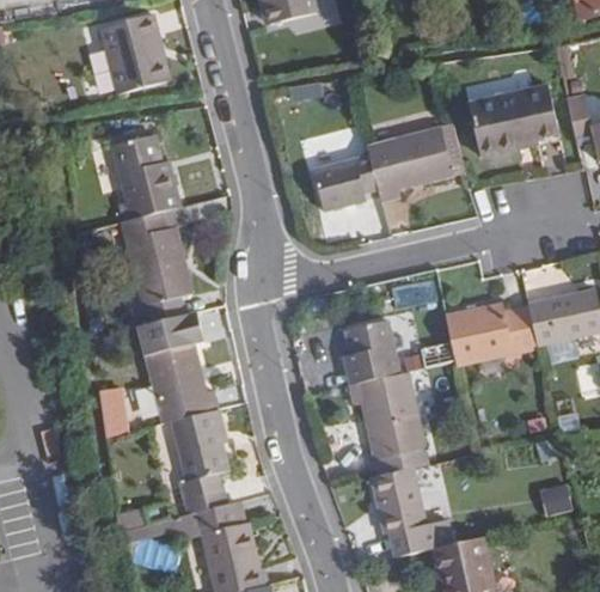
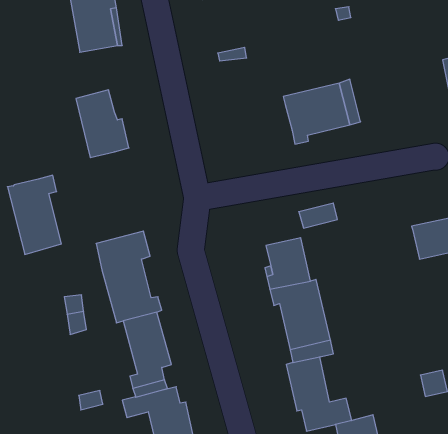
building: [469,79,557,147] -> none
building: [311,153,379,209] -> none
building: [121,207,188,305] -> [7,175,61,254]
building: [446,304,537,366] -> none

